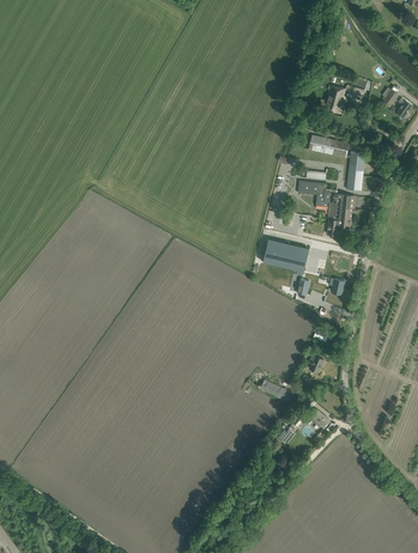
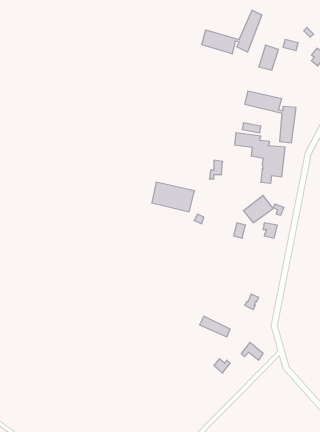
building: none -> [202,10,262,54]
building: [263,238,310,271] -> [152,182,195,212]

